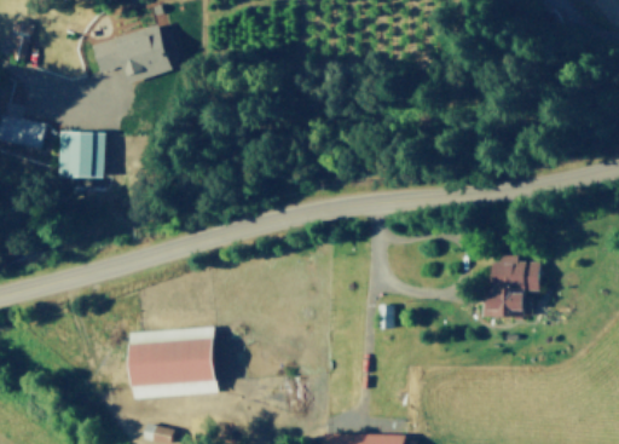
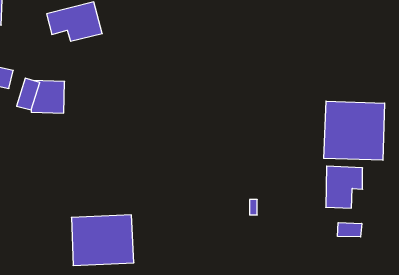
building: none -> [324,101,385,160]
building: none -> [338,223,362,237]

